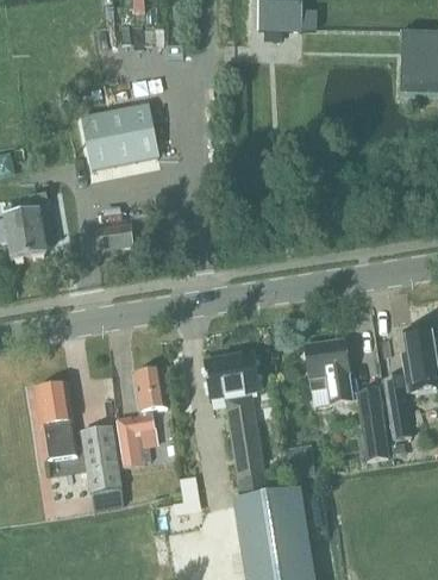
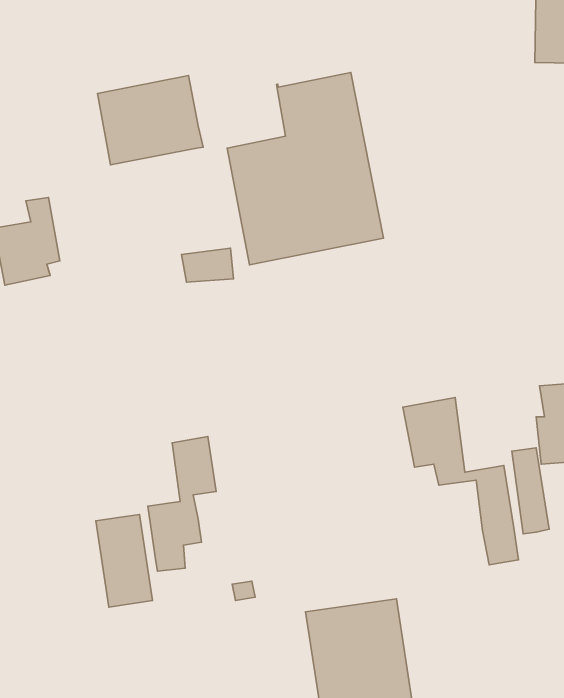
building: none -> [227,73,383,265]
building: [94,222,132,247] -> [182,248,234,282]
building: [202,353,264,484] -> none
building: [36,385,77,460] -> none

